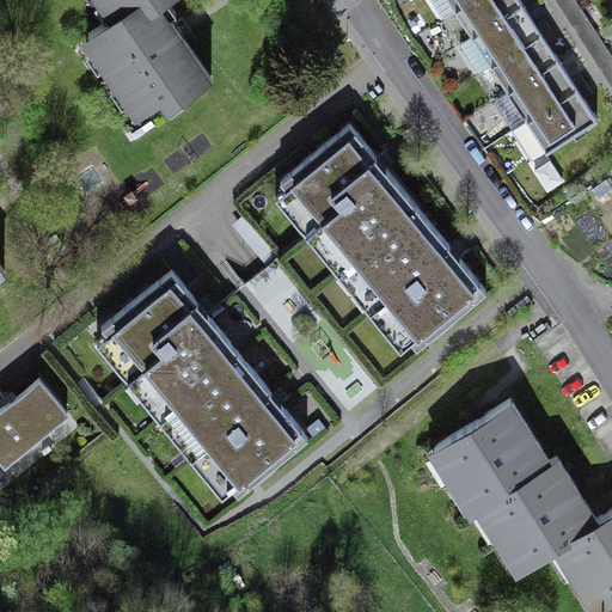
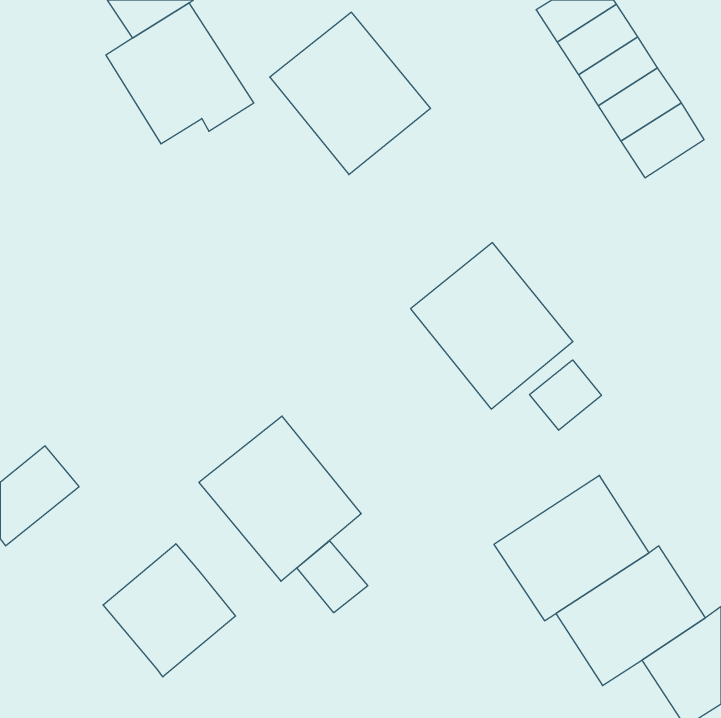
building: [281,127,417,264] -> [270,12,431,175]
building: [102,271,239,411] -> none
building: none -> [530,360,601,430]
building: none -> [297,541,368,613]
building: none -> [103,544,236,677]

